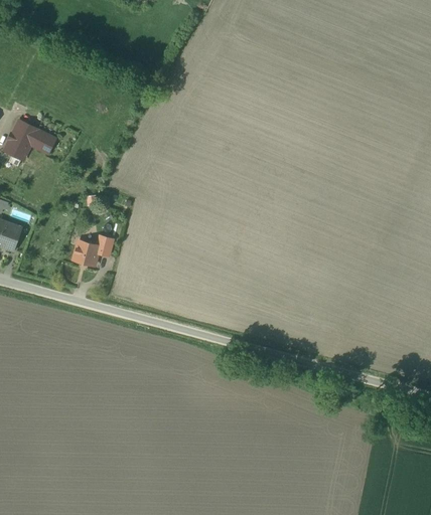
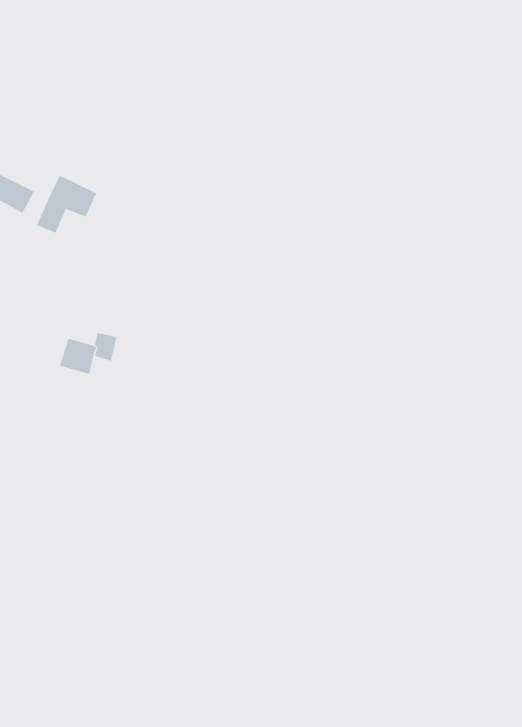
building: none -> [36,175,97,234]

